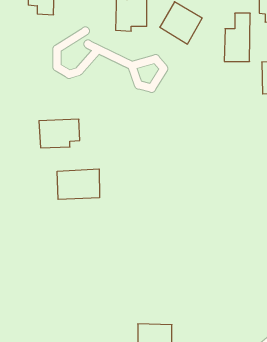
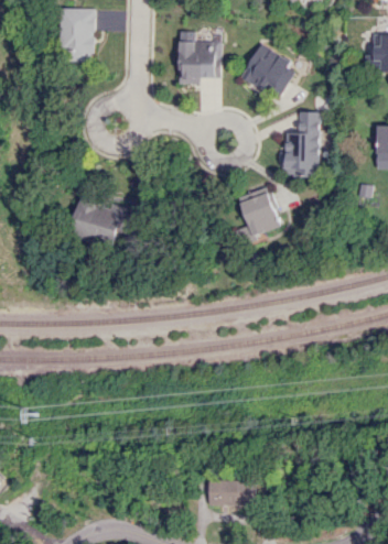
building: [224,13,250,61] -> [283,111,319,176]
building: none -> [237,186,280,237]
building: [57,169,99,199] -> none

